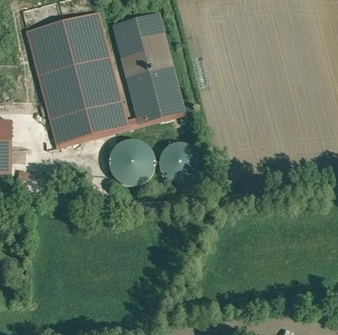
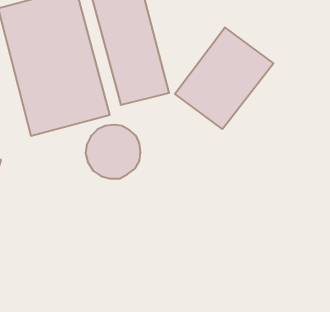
building: none -> [175,27,273,129]
building: [158,141,199,182] -> none

